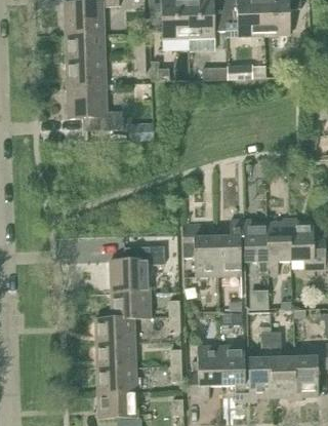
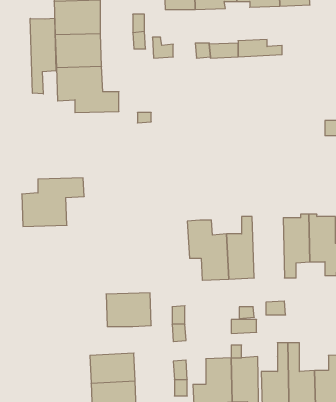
building: none -> [30,18,56,94]
building: [243,220,268,275] -> none
building: [109,246,164,289] -> [22,178,84,226]
building: [94,318,134,344] -> none

